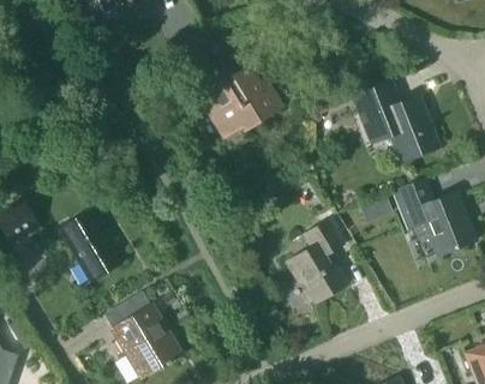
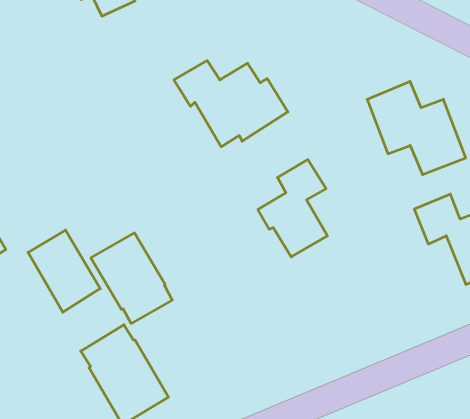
building: none -> [91,233,172,323]
building: [285,220,345,304] -> [258,160,327,257]

